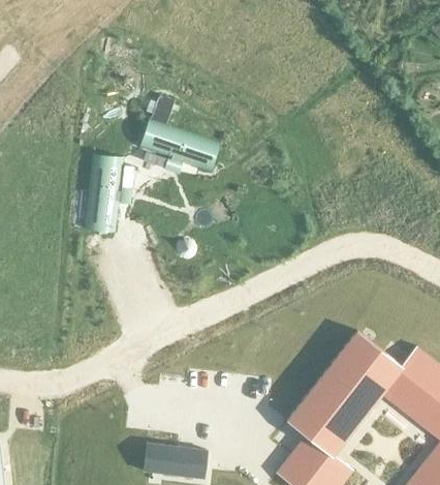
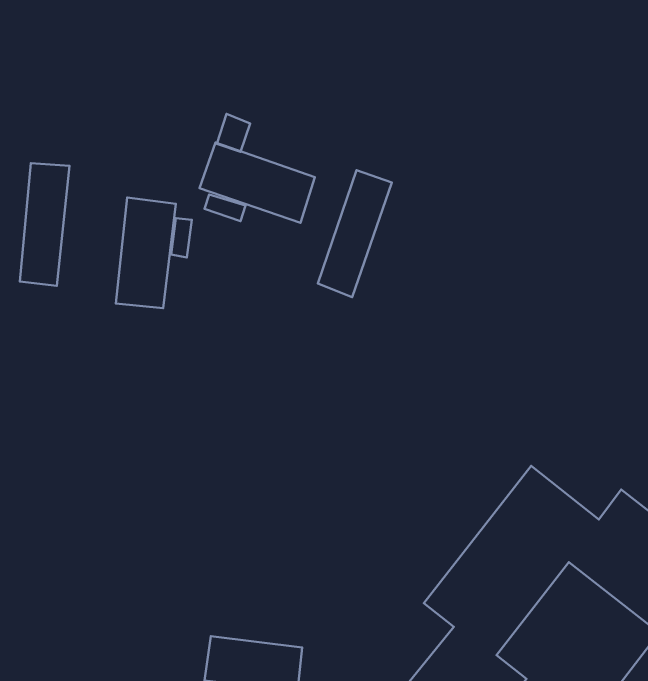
building: none -> [20,163,69,286]
building: none -> [318,170,392,297]

